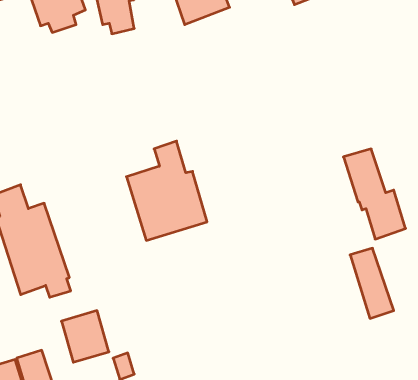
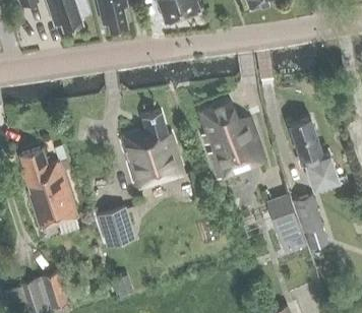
building: none -> [200,99,264,178]
building: none -> [267,191,303,237]
building: [61,311,109,362] -> [98,205,134,245]

